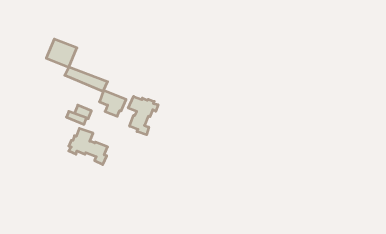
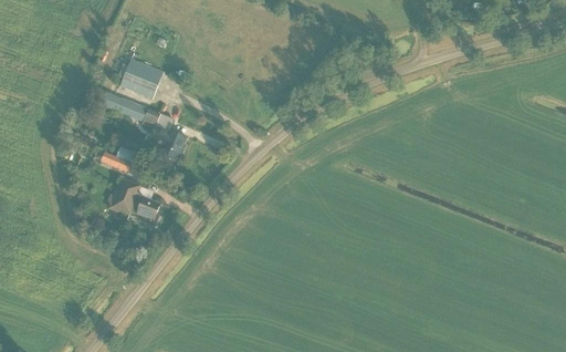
building: [46,39,77,67] -> [120,61,163,100]
building: [128,96,158,135] -> none

